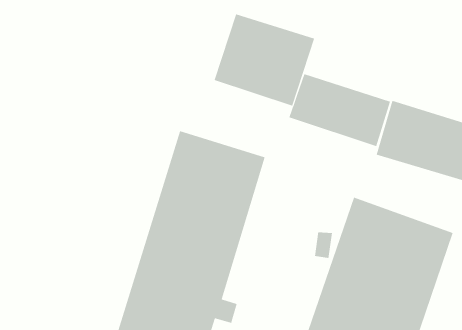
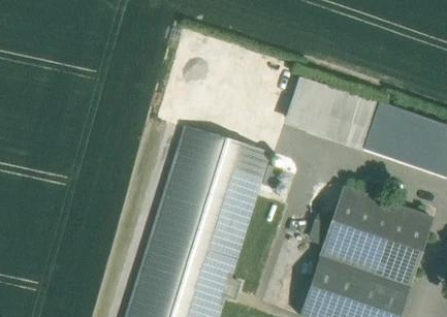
building: [214,13,315,106] -> none

